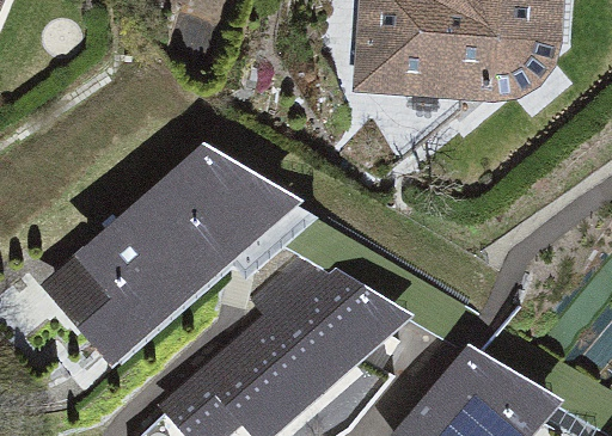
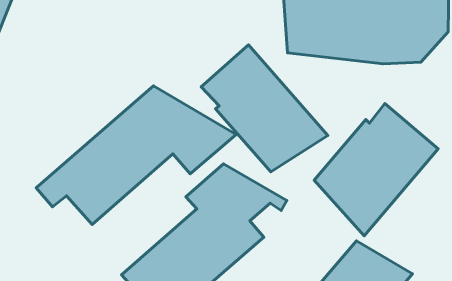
building: none -> [201,45,328,172]
building: none -> [314,103,438,236]

